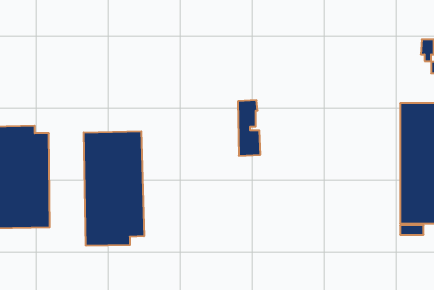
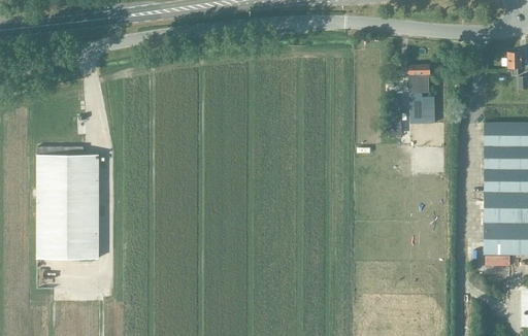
building: [238,100,260,156] -> [410,65,435,126]
building: [84,131,144,246] -> none

